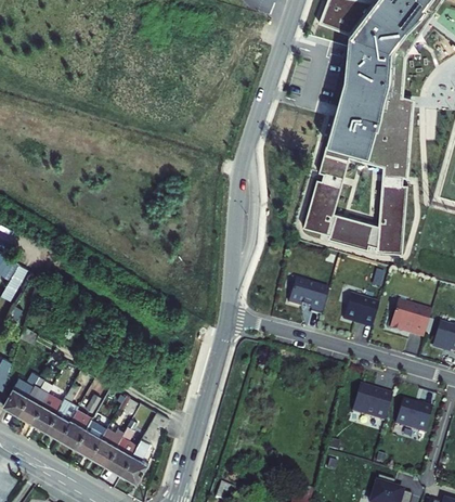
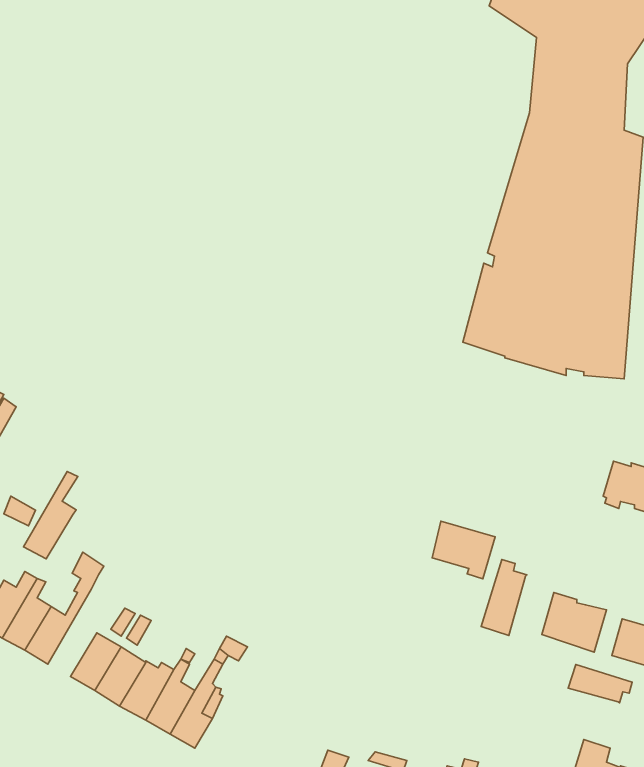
building: [289,279,328,314] -> [432,521,495,579]
building: [343,295,378,326] -> none
building: none -> [481,560,527,636]
building: [47,382,80,436] -> [24,471,78,559]
building: none -> [568,665,632,703]

